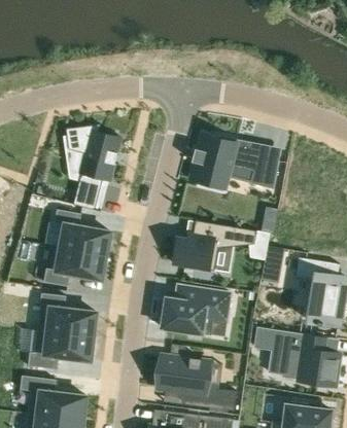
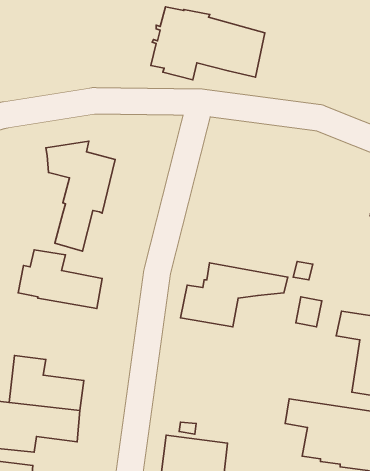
building: [190,134,280,191] -> [151,7,265,80]
building: [43,246,106,287] -> none
building: [159,285,231,335] -> none

